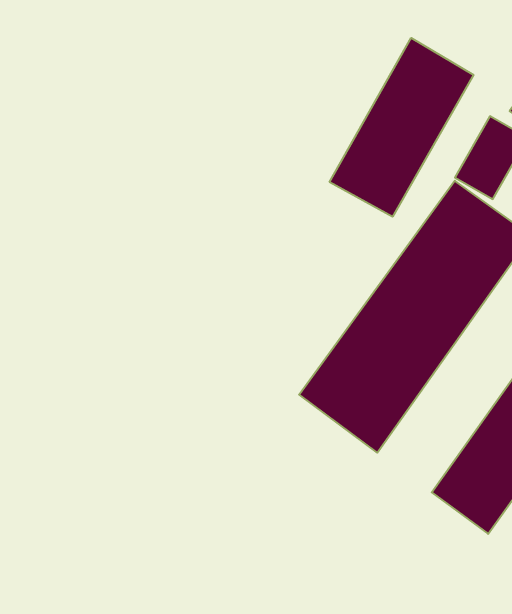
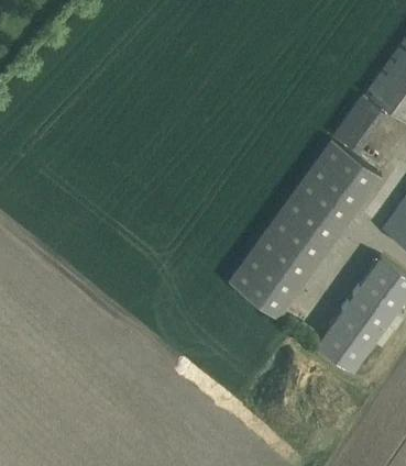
building: [330,38,473,217] -> none

